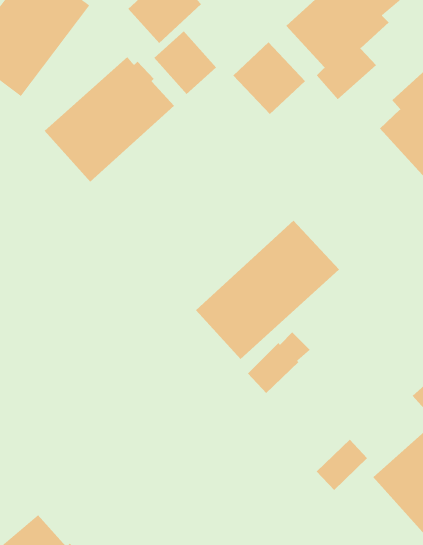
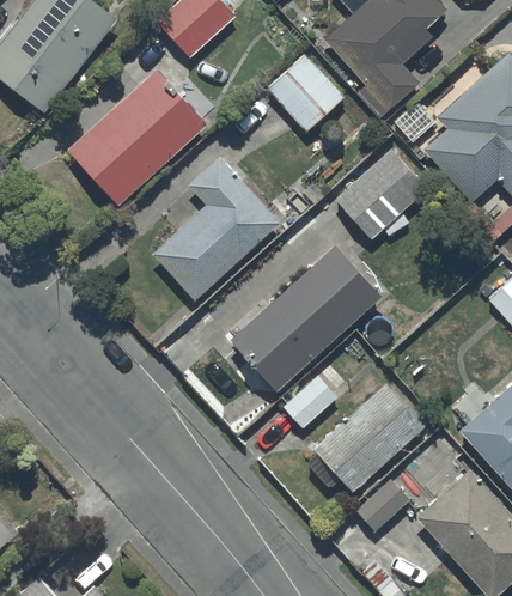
building: [153,30,217,95] -> none
building: none -> [334,148,427,241]
building: none -> [152,158,281,303]
building: none -> [306,382,428,493]

